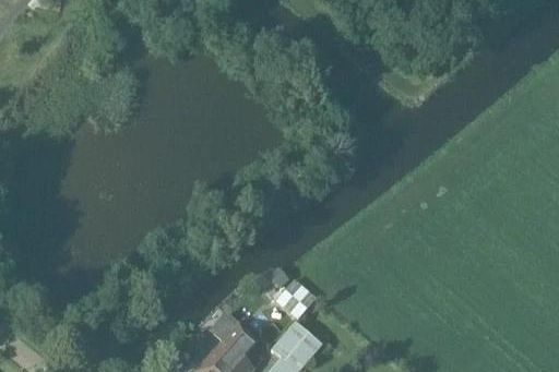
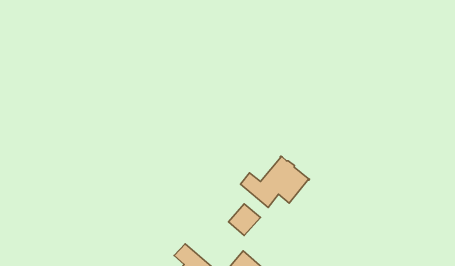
building: none -> [241,156,309,207]

